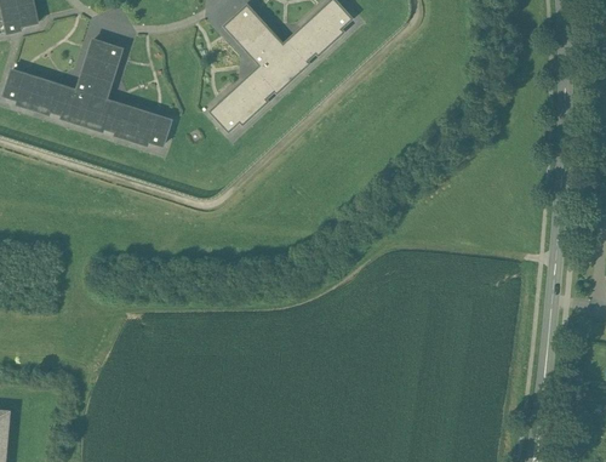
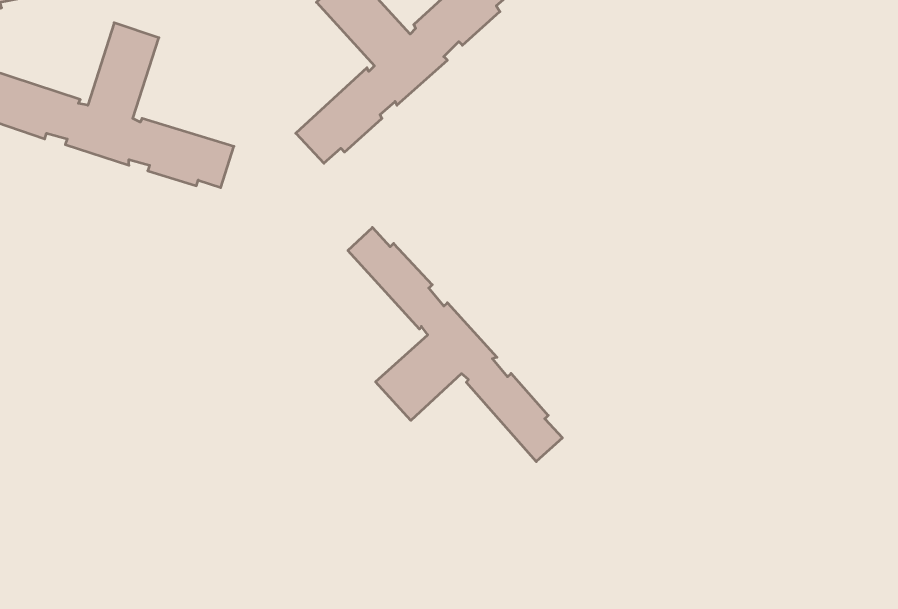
building: none -> [348,227,562,462]

